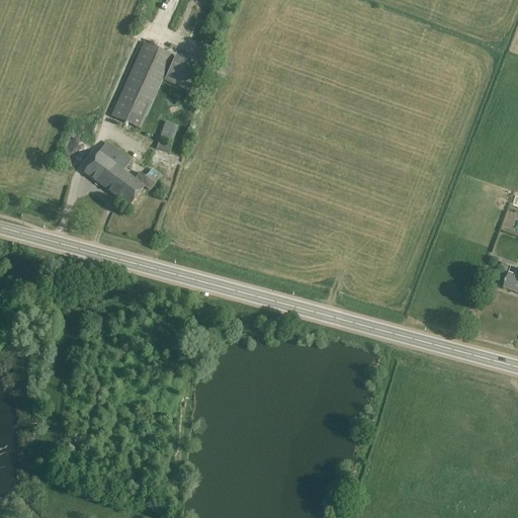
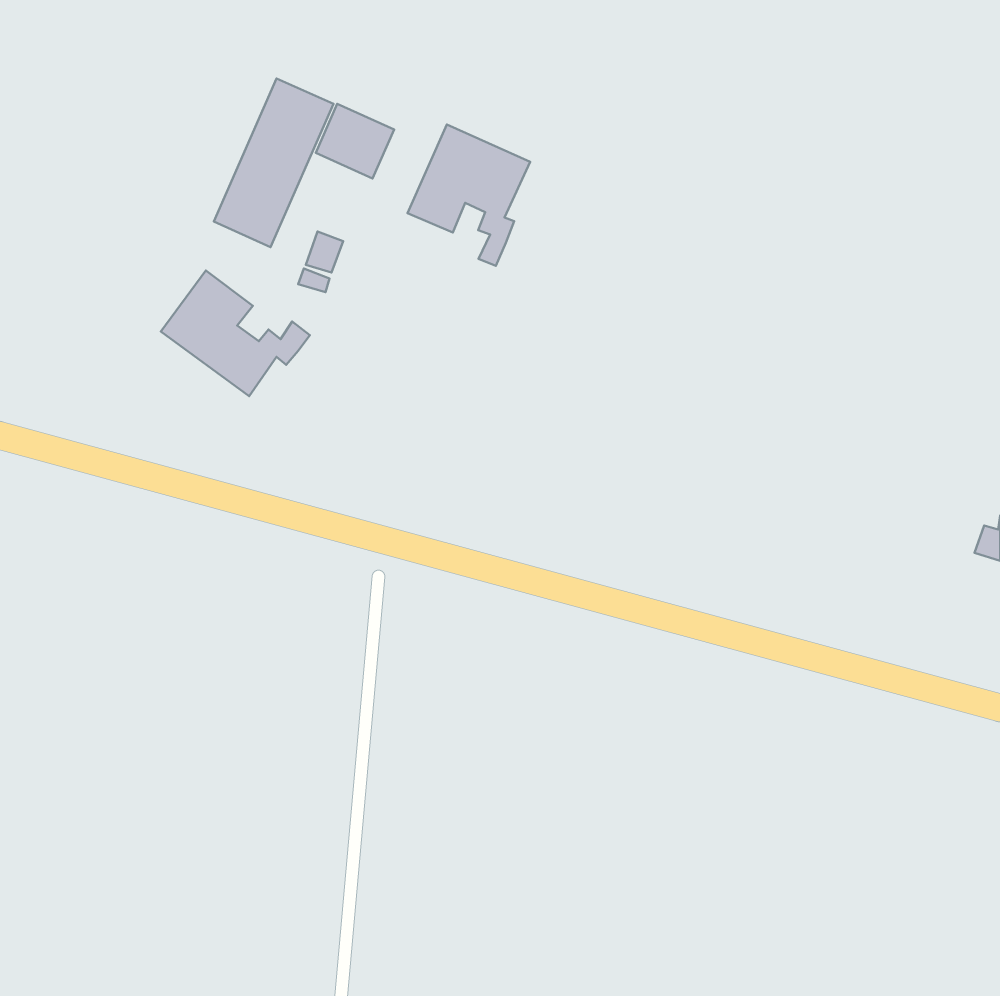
building: none -> [407,125,530,266]

